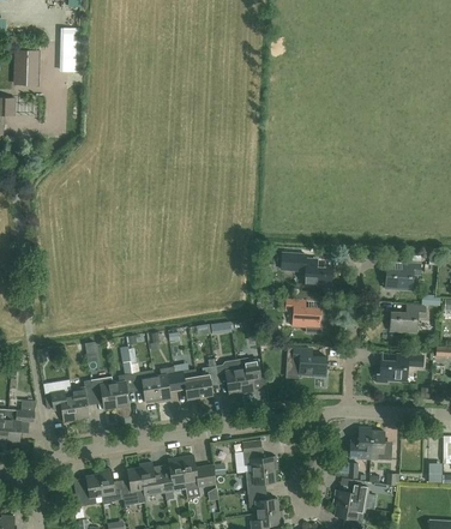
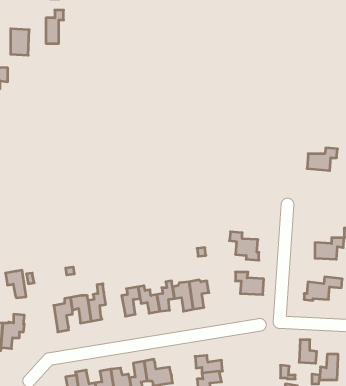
building: [297,258,332,288] -> none
building: [384,263,421,290] -> [307,148,338,171]
building: [132,369,158,403] -> none
building: [50,389,76,422] -> [5,270,26,298]
building: [349,427,372,458] -> [319,354,338,380]

